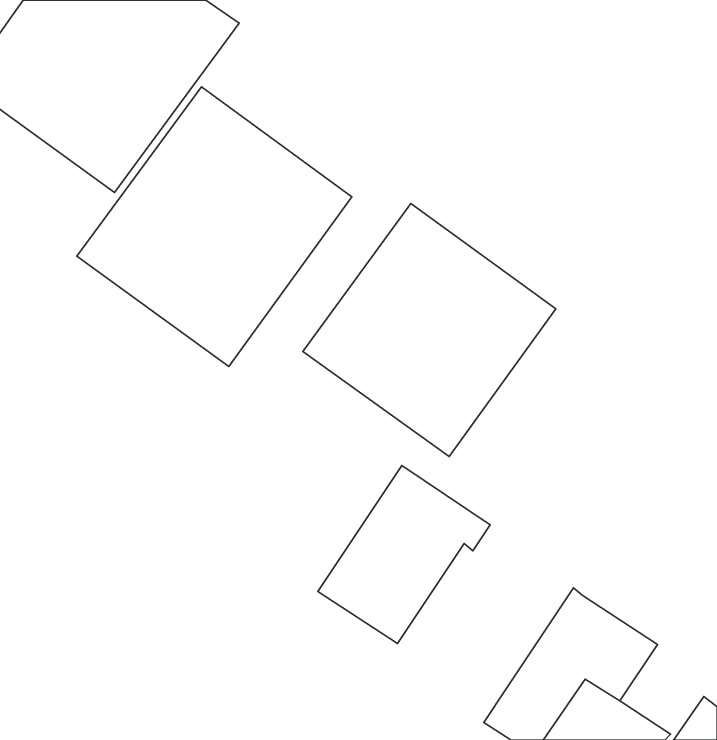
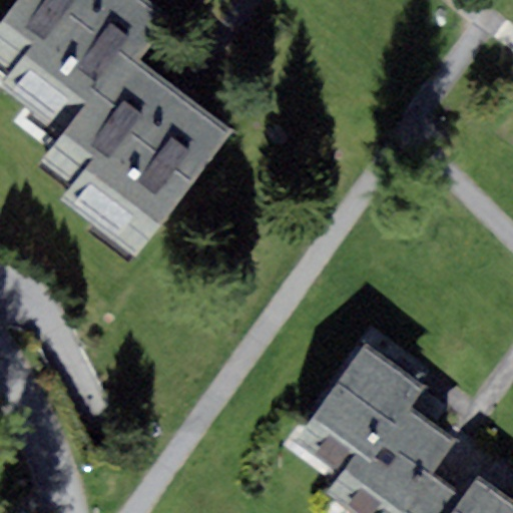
building: [303,203,556,456] -> none
building: [318,465,490,644] -> [296,353,415,476]

